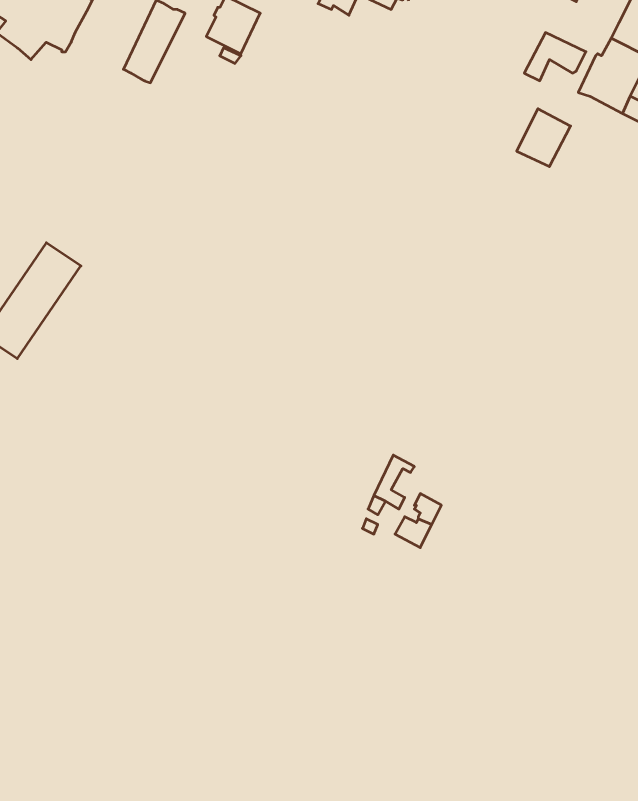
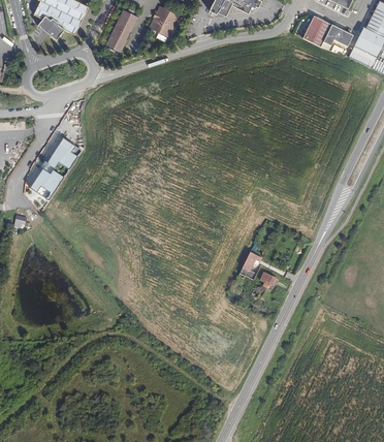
building: [517,109,571,167] -> [301,15,330,46]

